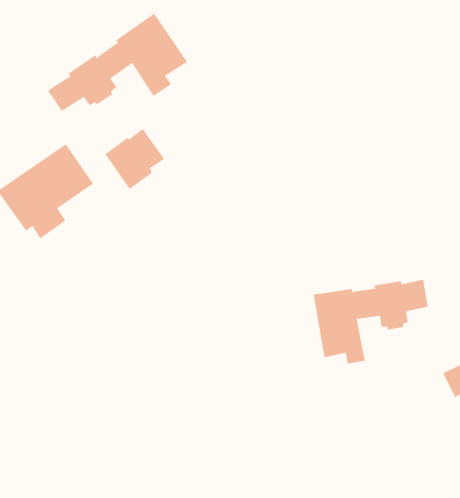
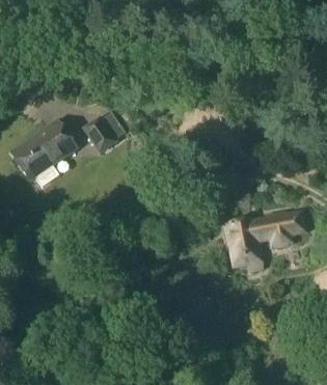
building: [47,13,188,112] -> none

